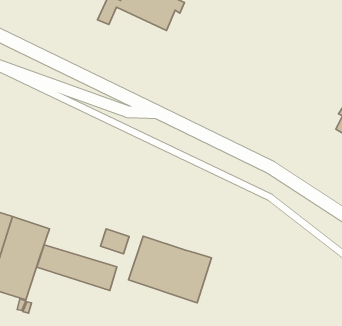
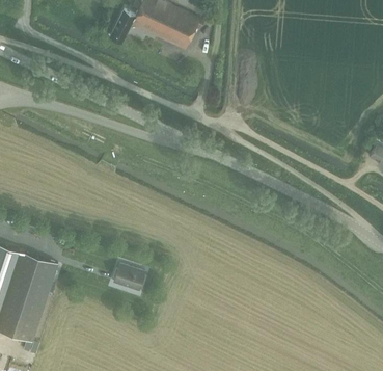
building: [128,236,212,303] -> none
building: [37,245,117,290] -> none

